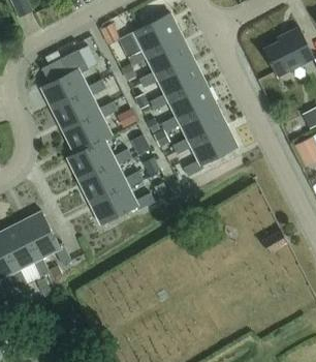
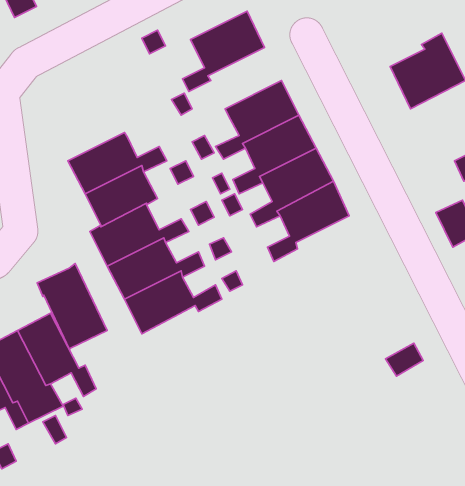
building: [138,35,193,87] -> none
building: [40,49,106,110] -> none
building: none -> [37,264,107,350]

